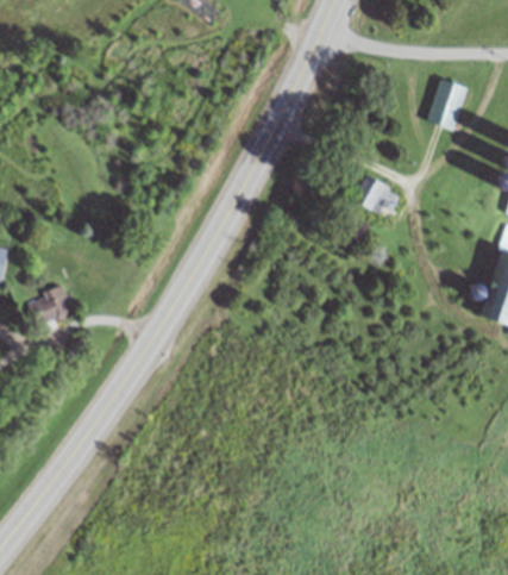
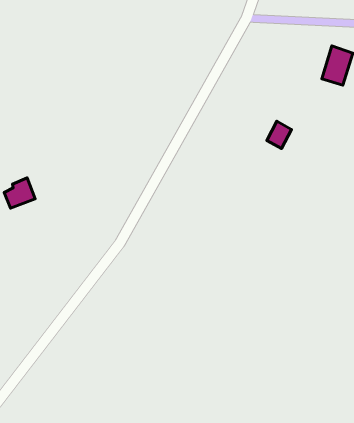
building: [31,286,71,325] -> [4,178,35,208]

